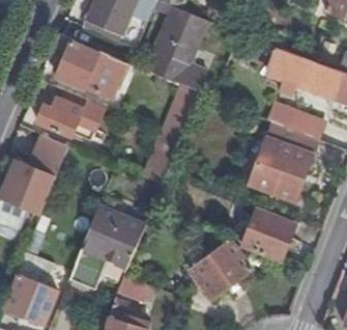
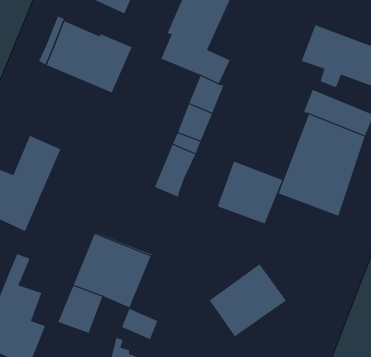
building: [36,89,103,139] -> none
building: [242,209,296,260] -> [217,161,283,224]

